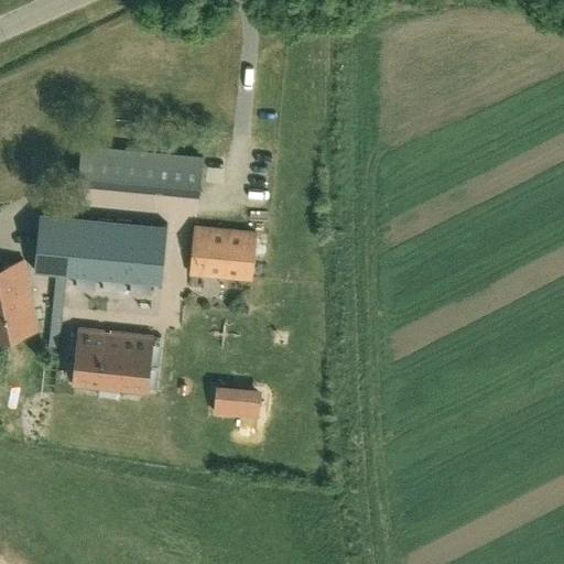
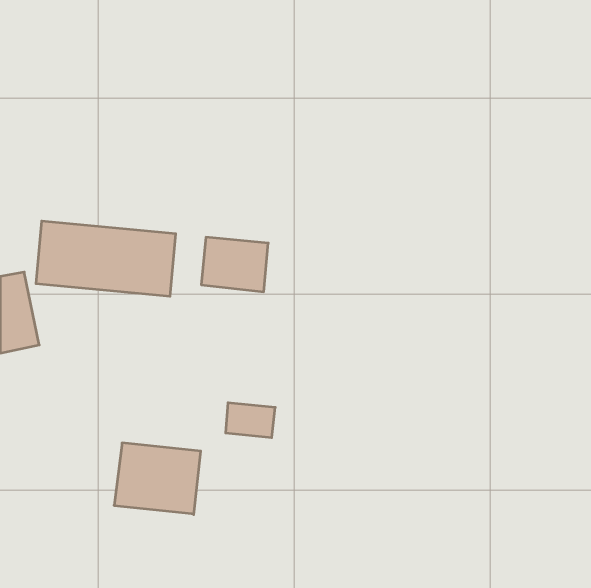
building: [78,148,203,196] -> none
building: [72,328,154,397] -> [114,443,201,515]

